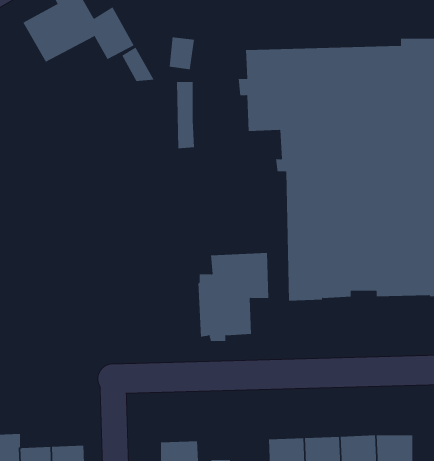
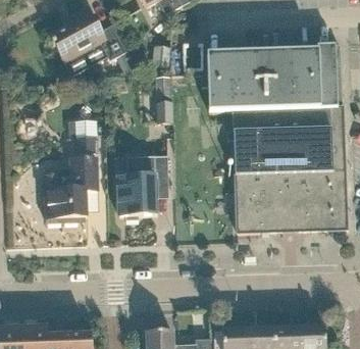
building: none -> [68,118,97,152]
building: none -> [44,156,98,216]
building: [197,252,269,341] -> [117,154,168,217]

